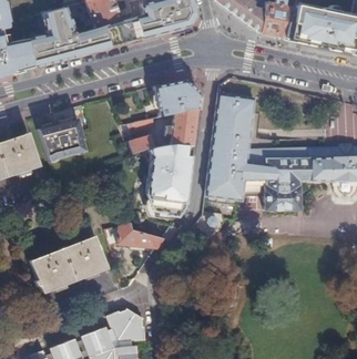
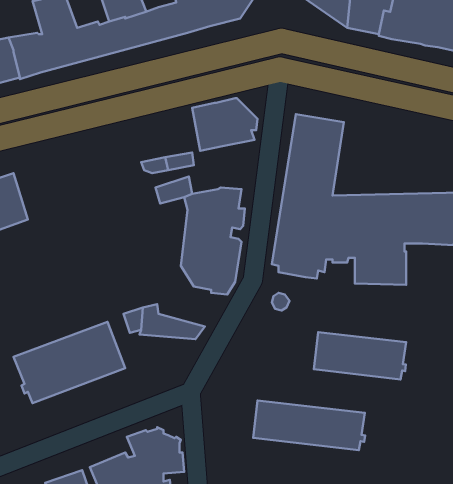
building: [38,106,85,160] -> none
building: [162,109,196,144] -> none
building: none -> [314,332,406,379]
building: none -> [253,401,365,450]

